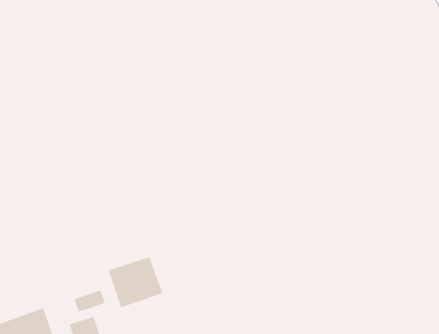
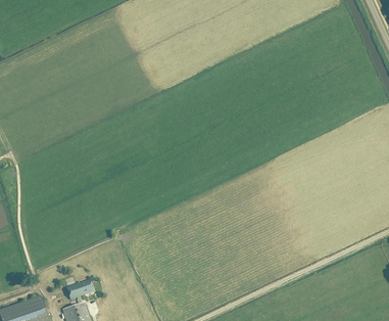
building: [108,256,163,308] -> none

